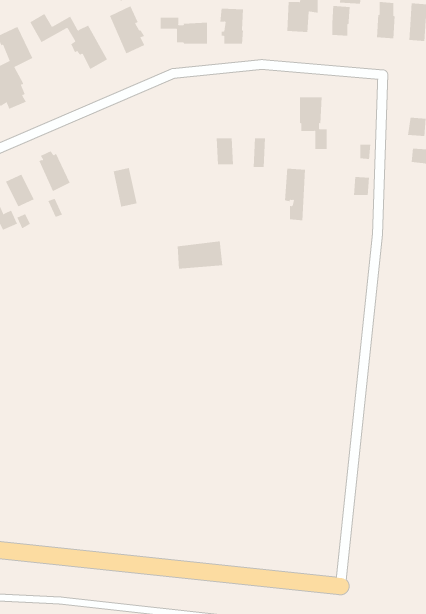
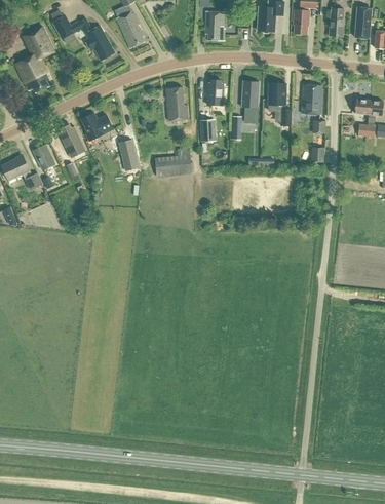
building: [160,17,207,45] -> none
building: none -> [206,79,223,106]
building: none -> [301,84,321,114]
building: none -> [165,86,188,121]
building: none -> [80,112,112,141]
building: [284,168,306,221] -> [240,80,258,122]
building: [177,241,223,269] -> [154,153,191,176]

